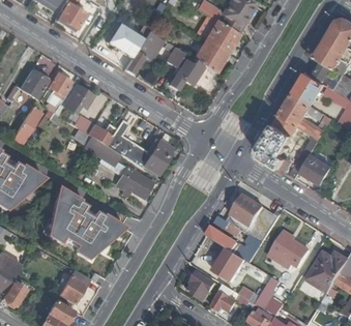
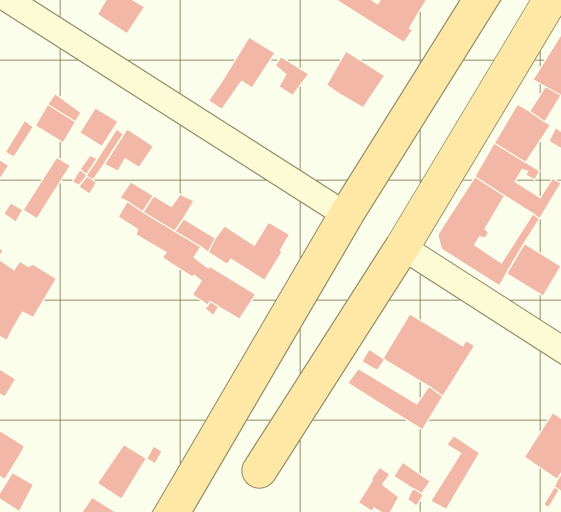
building: [106,14,156,59] -> none
building: [204,22,238,55] -> none
building: [168,54,200,90] -> none
building: [47,191,114,258] -> none
building: [280,238,315,270] -> none
building: [214,249,244,283] -> none
building: [187,270,214,300] -> none

